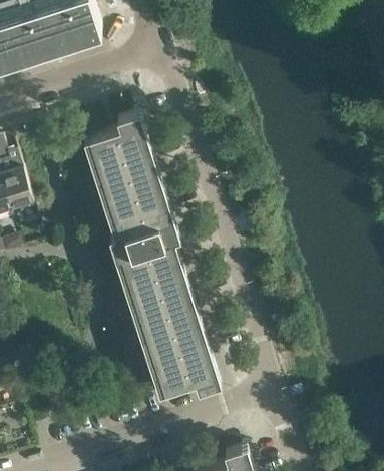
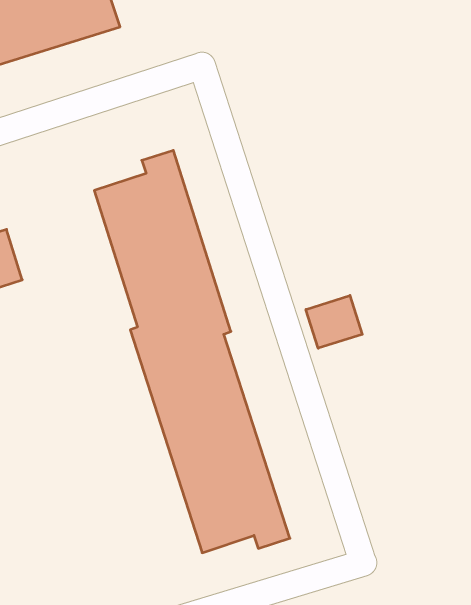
building: none -> [306,295,362,348]

